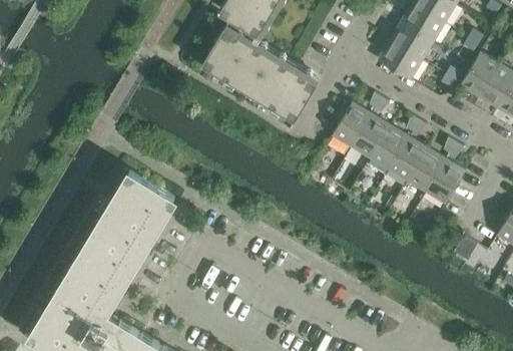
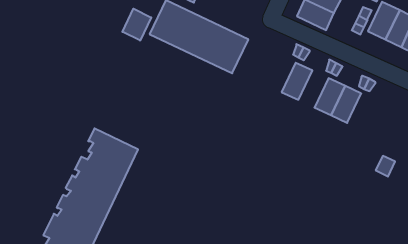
building: none -> [122,9,151,41]
building: [332,103,371,148] -> none
building: [370,126,408,170] -> none
building: [425,159,465,205] -> none

